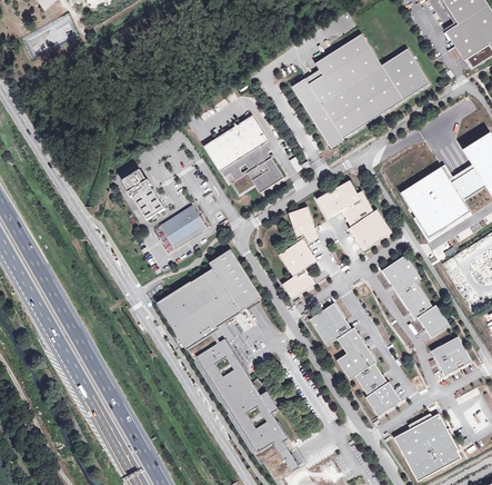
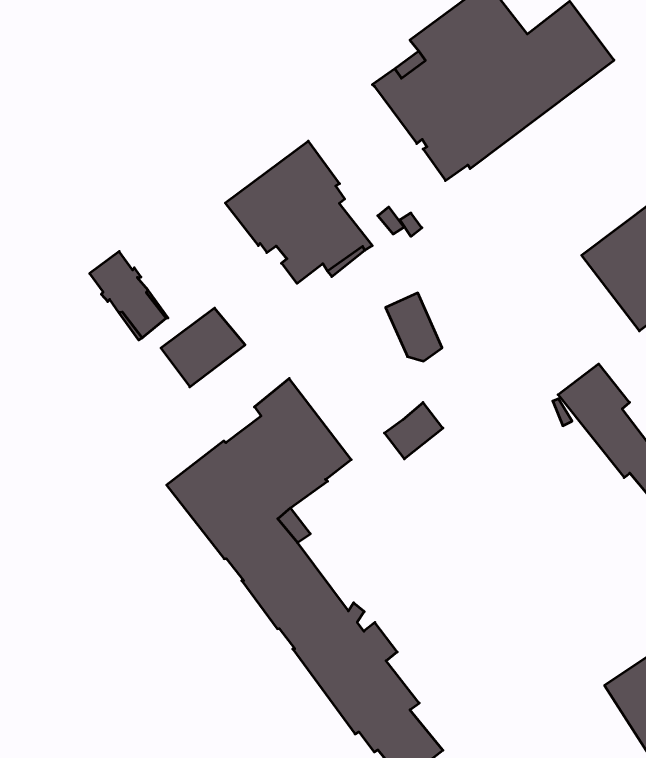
building: [315,180,391,250] -> none
building: [278,241,317,277] -> none
building: [308,301,401,416] -> none

